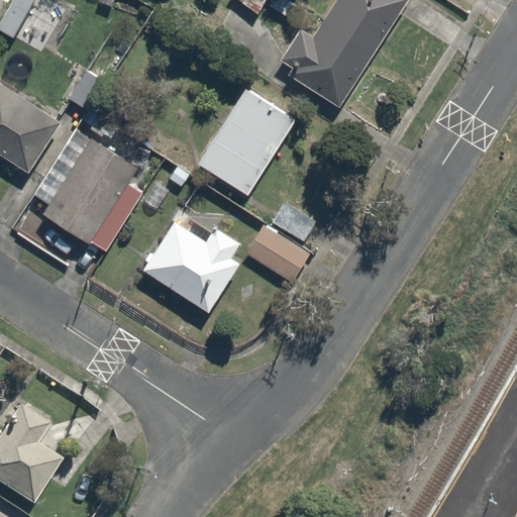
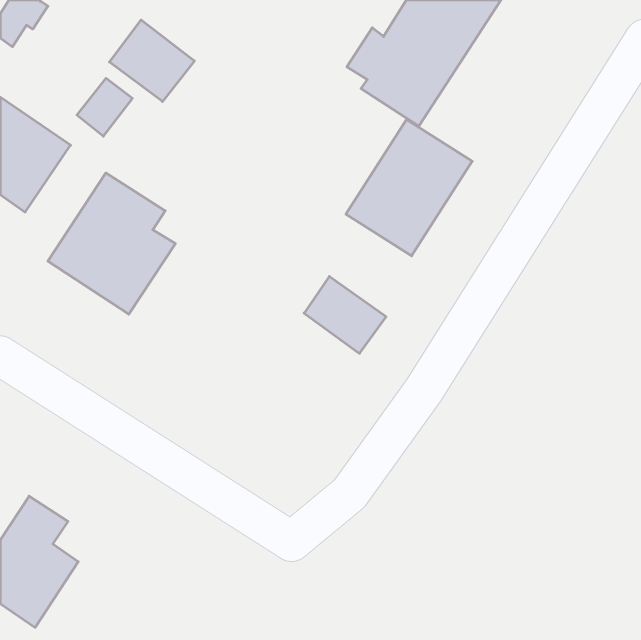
building: none -> [109,20,194,102]
building: [195,85,296,194] -> [346,120,472,256]
building: [138,217,241,311] -> none

